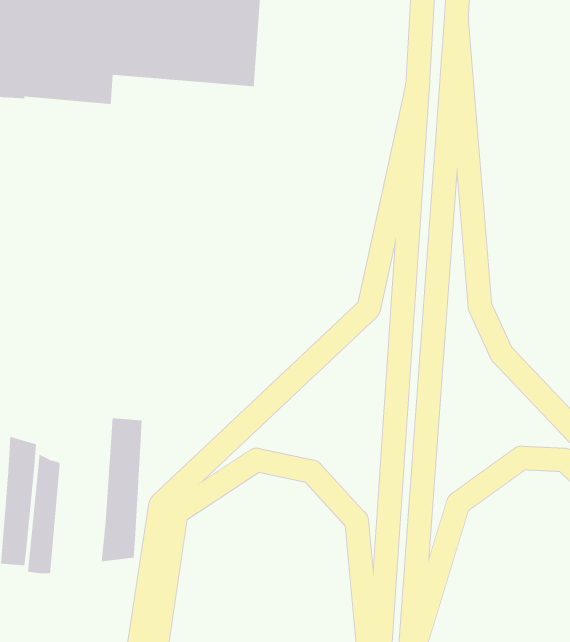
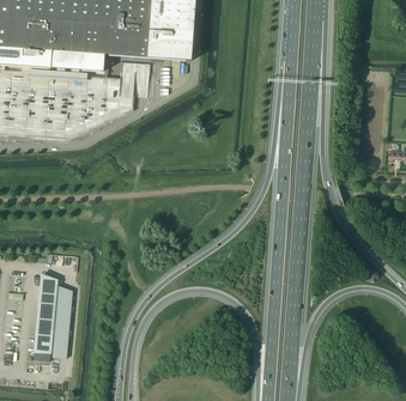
building: [101,417,142,562] -> none

